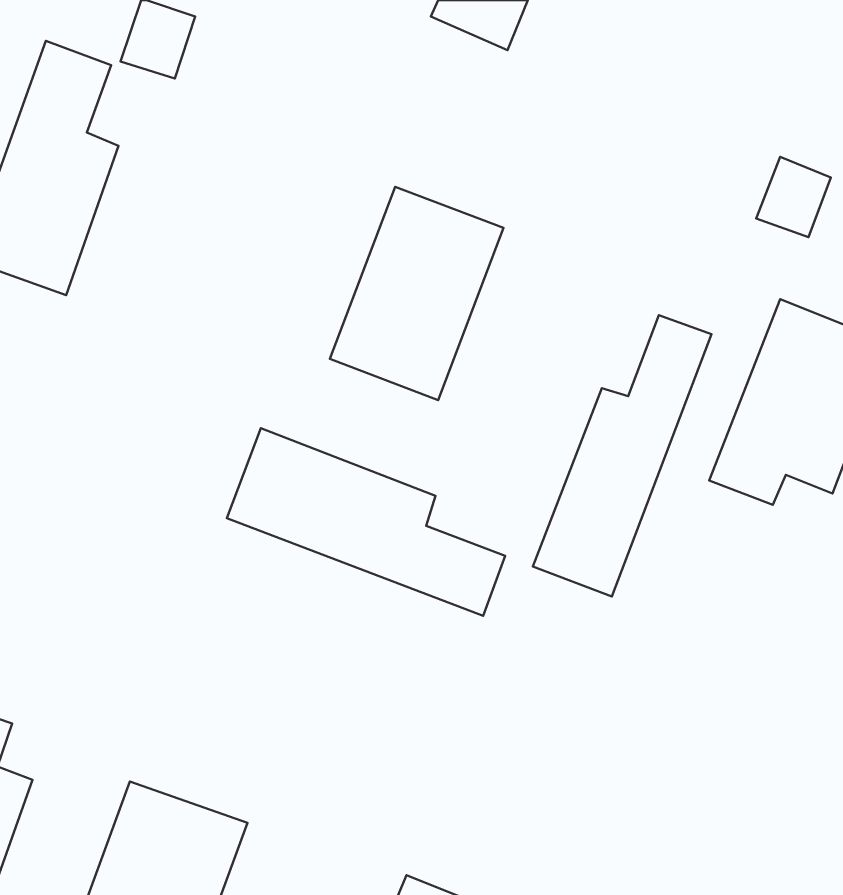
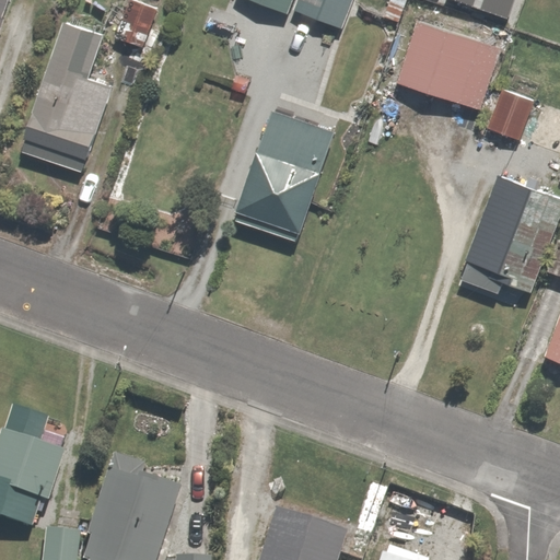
building: none -> [389,21,497,113]
building: [533,315,712,597] -> none
building: [227,428,505,616] -> none

